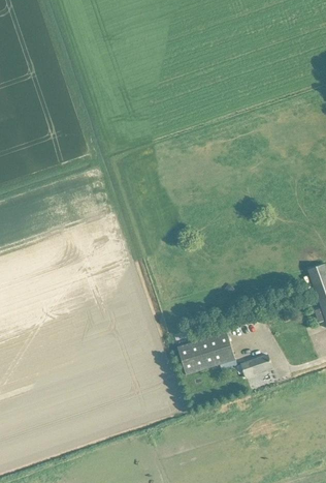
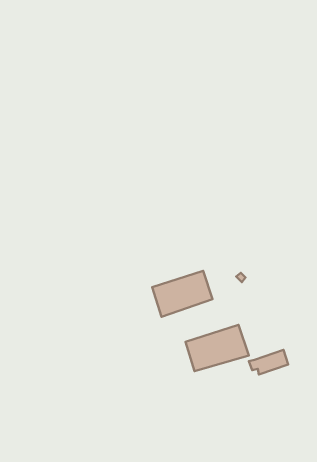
building: none -> [152,271,212,317]

